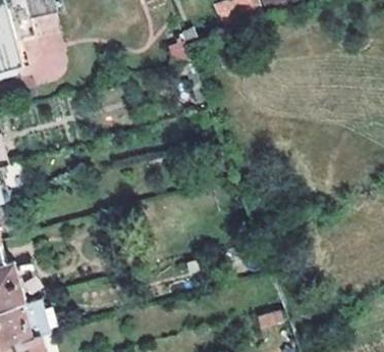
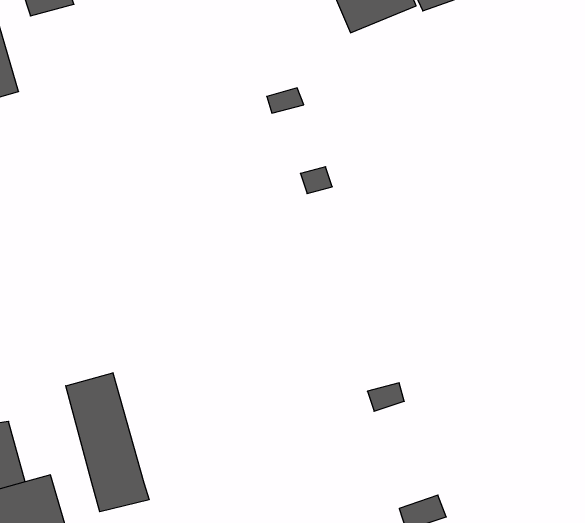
building: none -> [66,373,149,512]

